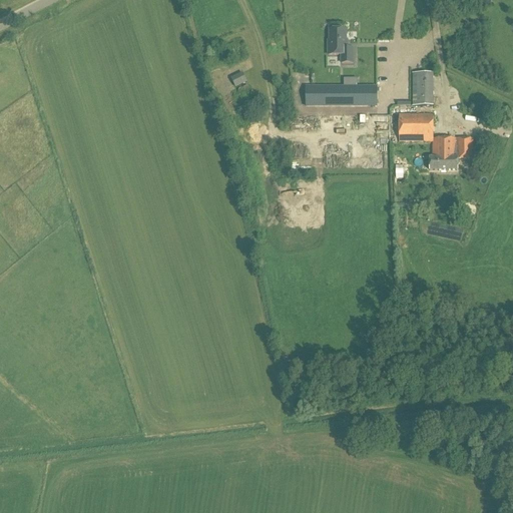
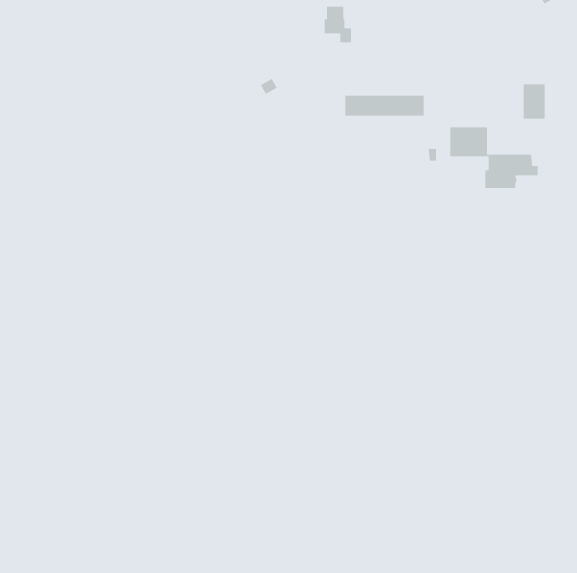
building: [328,27,353,60] -> [324,6,352,43]
building: [413,71,433,103] -> [523,83,546,120]

